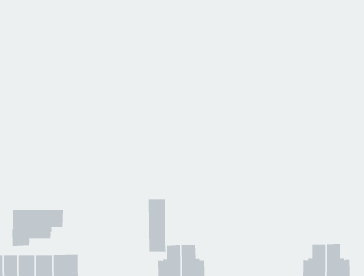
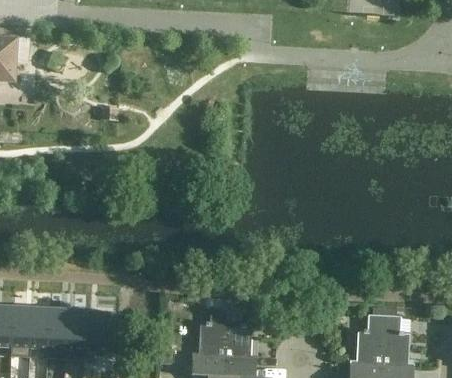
building: [148,198,166,253] -> none
building: [12,209,63,247] -> none

